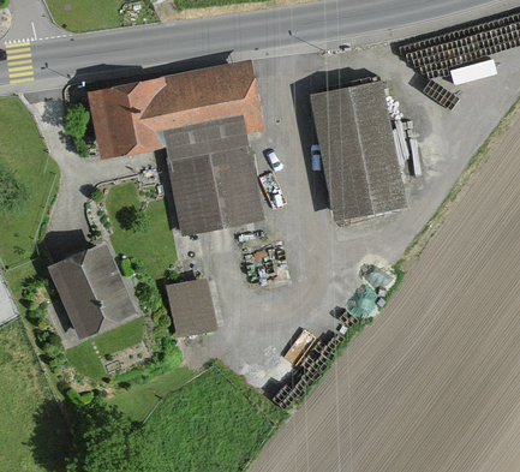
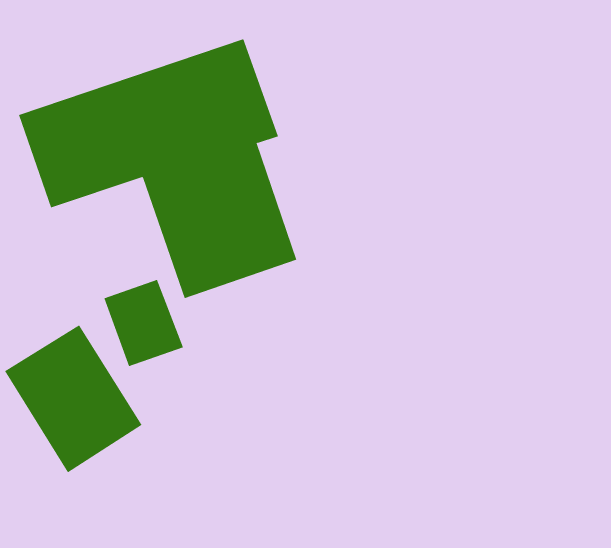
building: [310,83,406,220] -> none
building: [166,279,216,336] -> [103,279,184,367]

